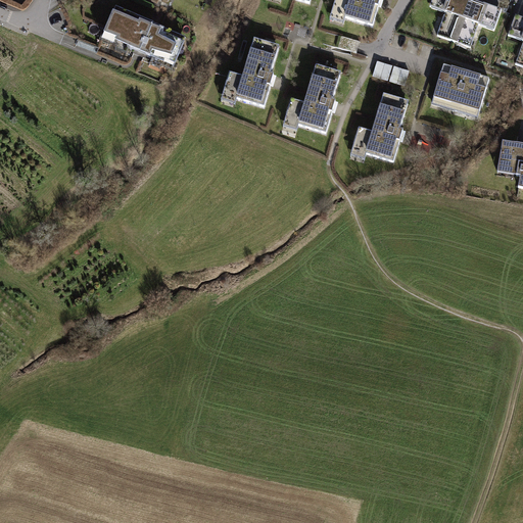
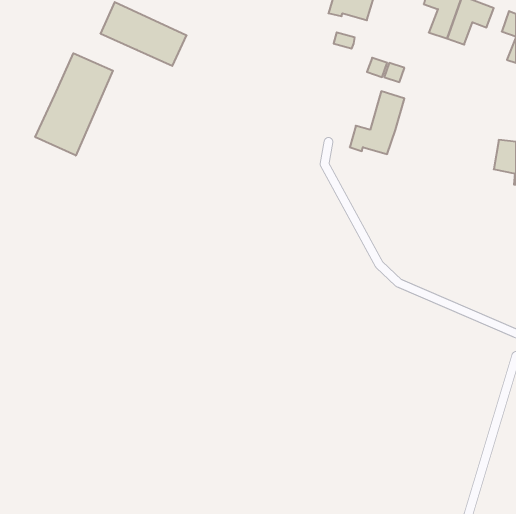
building: [223,38,278,101] -> none
building: none -> [35,53,113,156]
building: [433,62,489,108] -> none
building: [287,64,342,128] -> none

